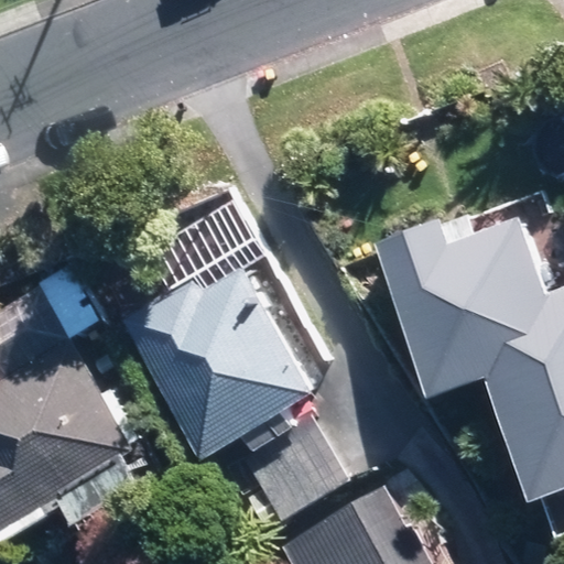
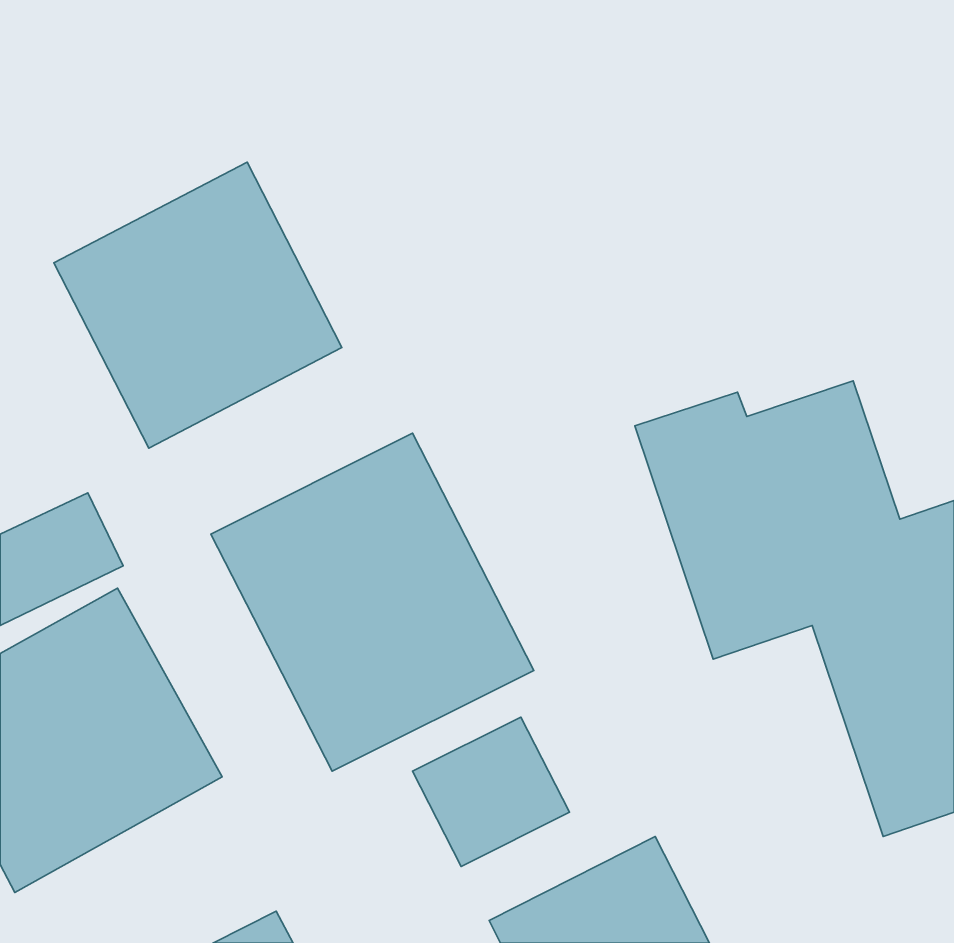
building: none -> [54,162,342,448]

